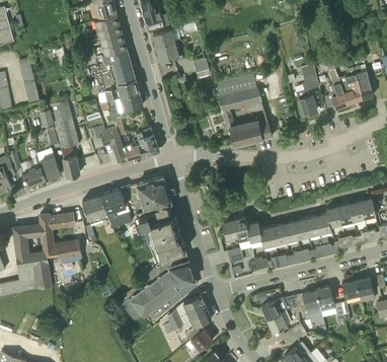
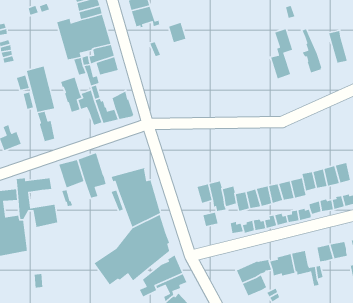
building: [342,70,362,104] -> none
building: [215,75,272,147] -> none
building: [36,149,61,179] -> none
building: [126,178,172,213] -> none

